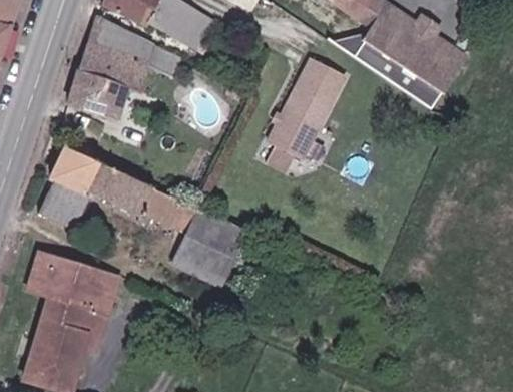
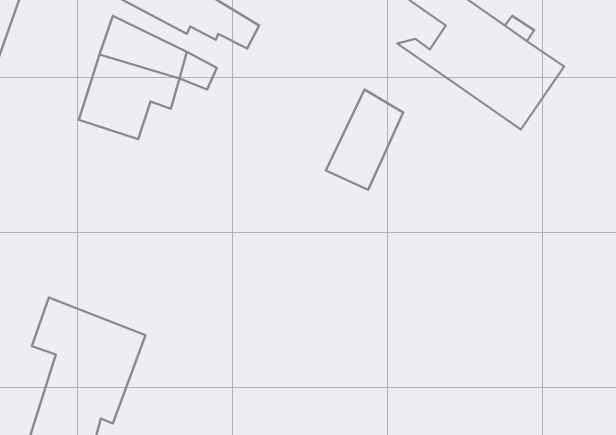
building: [303,58,345,95] -> none
building: [39,145,247,288] -> none

